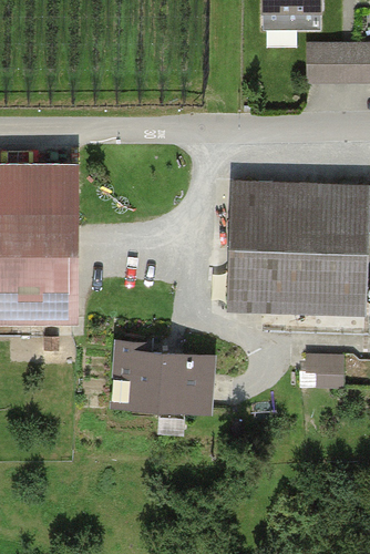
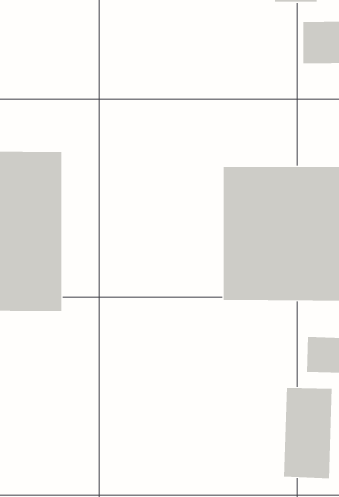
building: [114,353,212,409] -> none
building: none -> [284,387,332,479]

